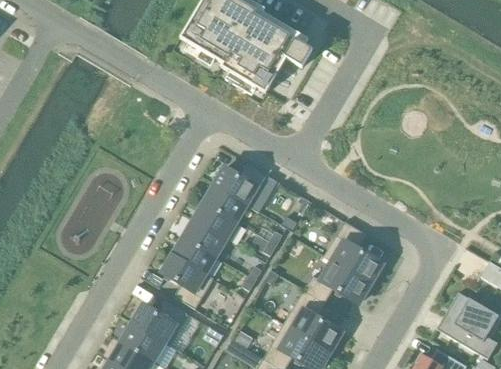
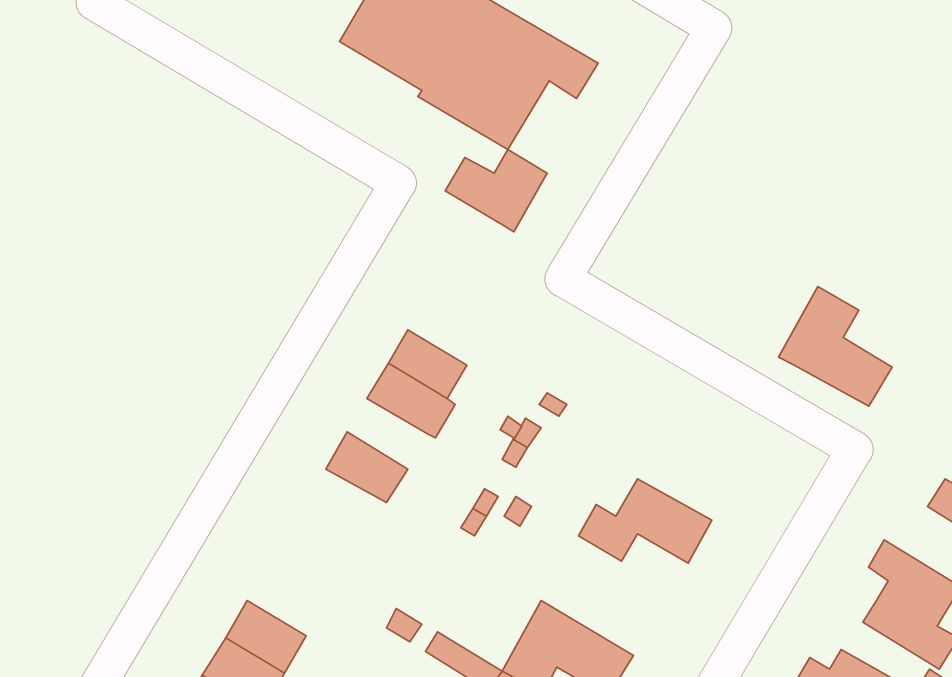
building: [216,163,268,205] -> [445,149,547,232]
building: [185,219,226,255] -> none
building: [325,220,383,281] -> [779,287,892,406]
building: [164,255,212,306] -> none
building: [284,289,343,350] -> none
building: [134,300,187,343] -> none

